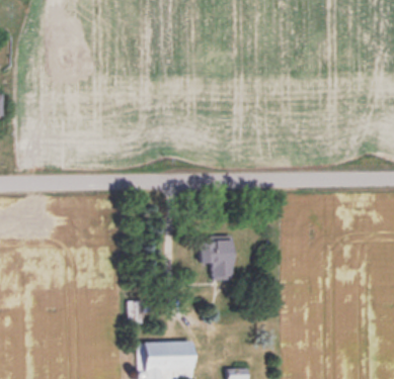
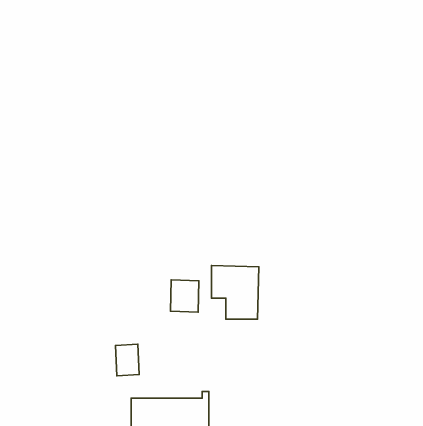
building: none -> [171,280,199,312]

